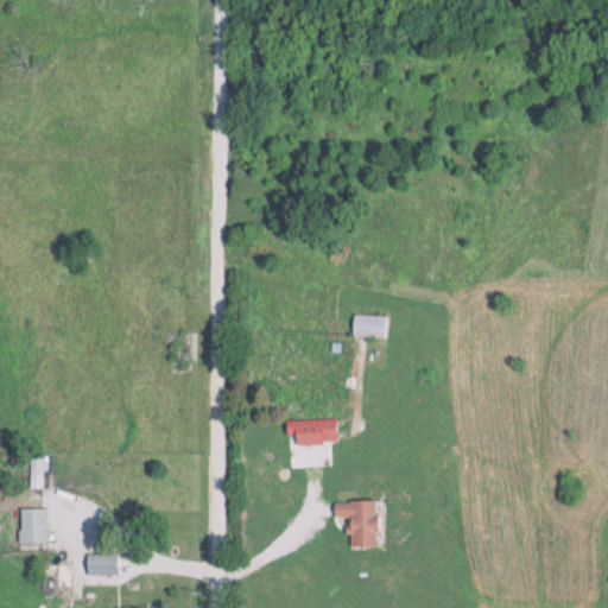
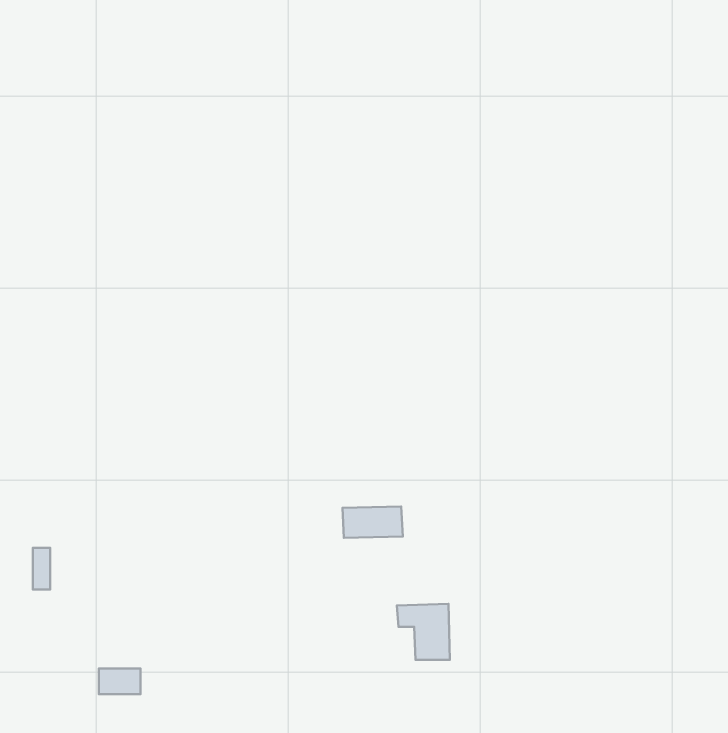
building: [353,315,387,338] -> none
building: [20,508,46,542] -> none

